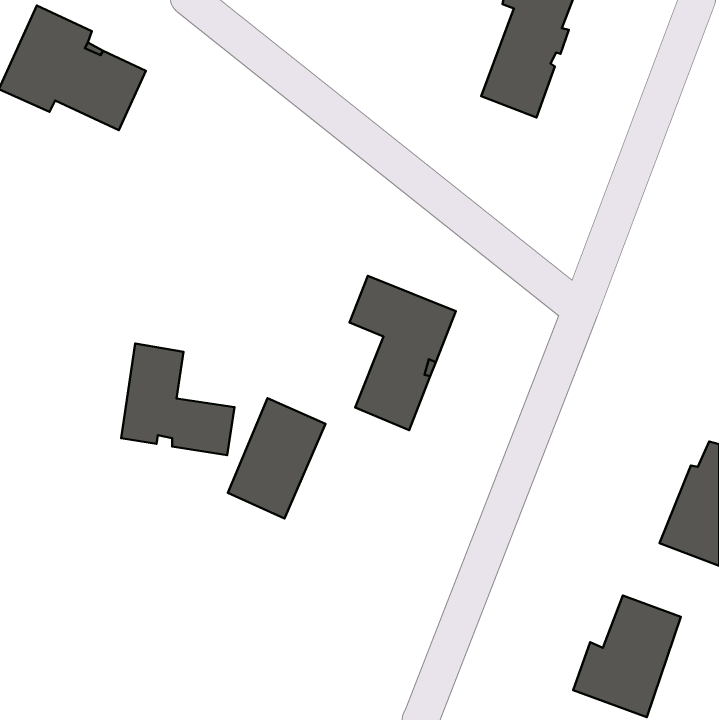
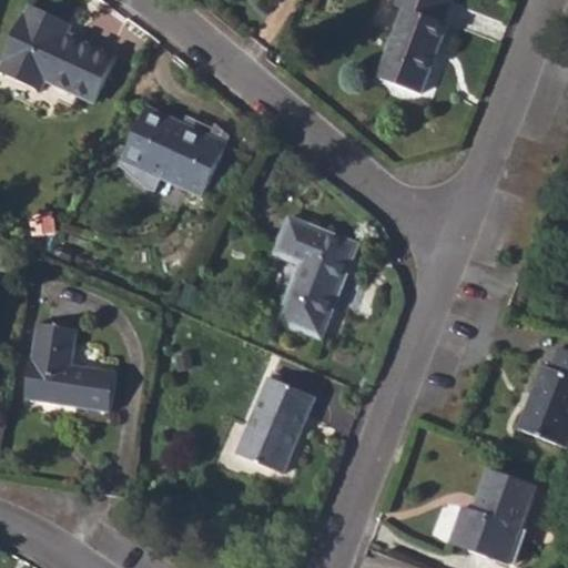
building: none -> [122,105,226,195]
building: [121,343,234,455] -> [27,322,115,409]
building: [228,398,325,518] -> [237,377,314,471]

